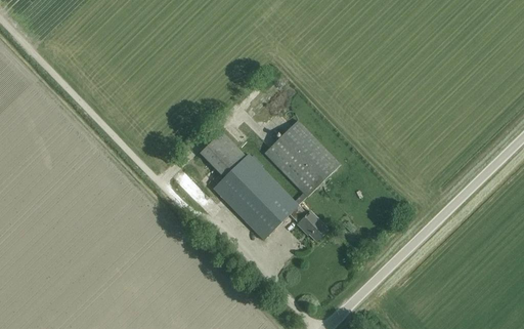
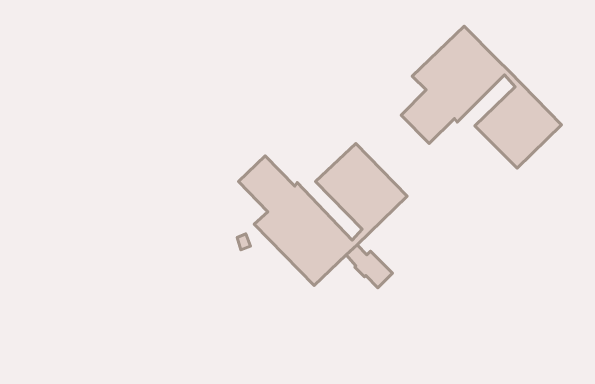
building: none -> [401,26,562,168]

